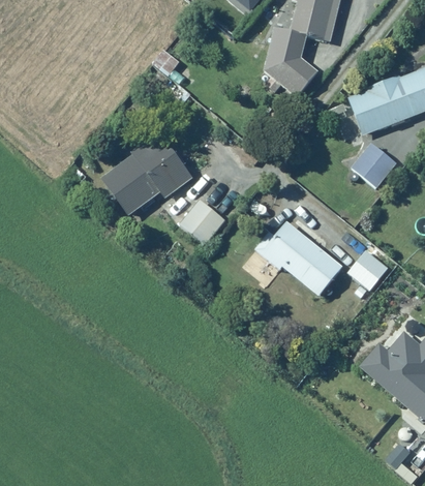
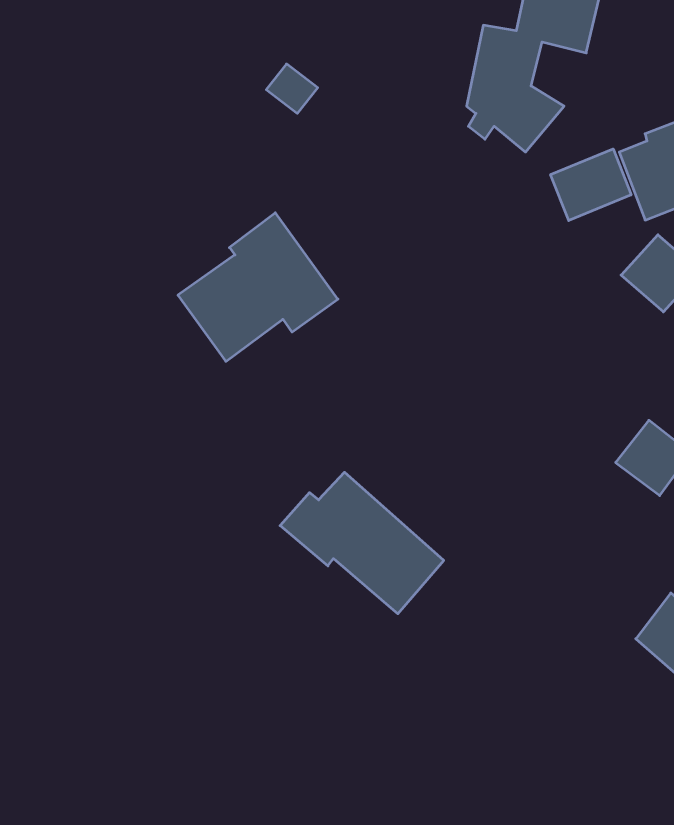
building: none -> [551,149,631,221]
building: [178,196,226,245] -> none
building: [253,218,345,298] -> [280,472,444,614]

